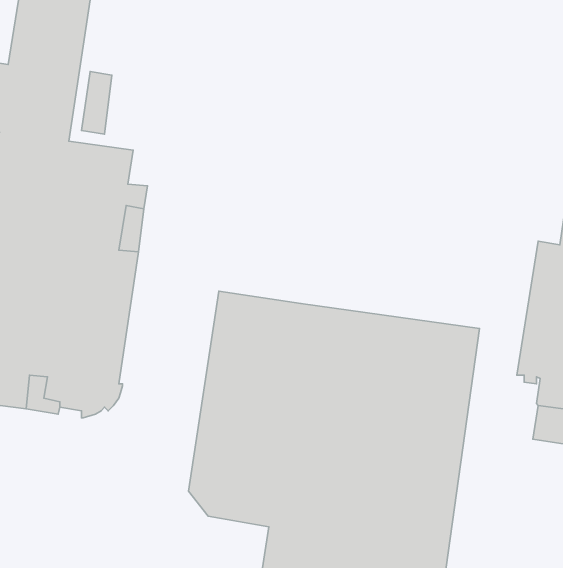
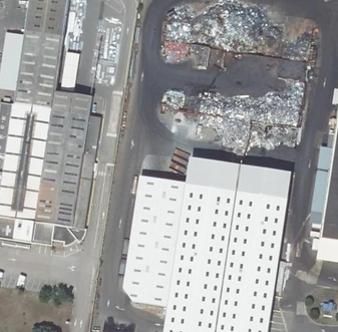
building: none -> [186,155,290,196]

